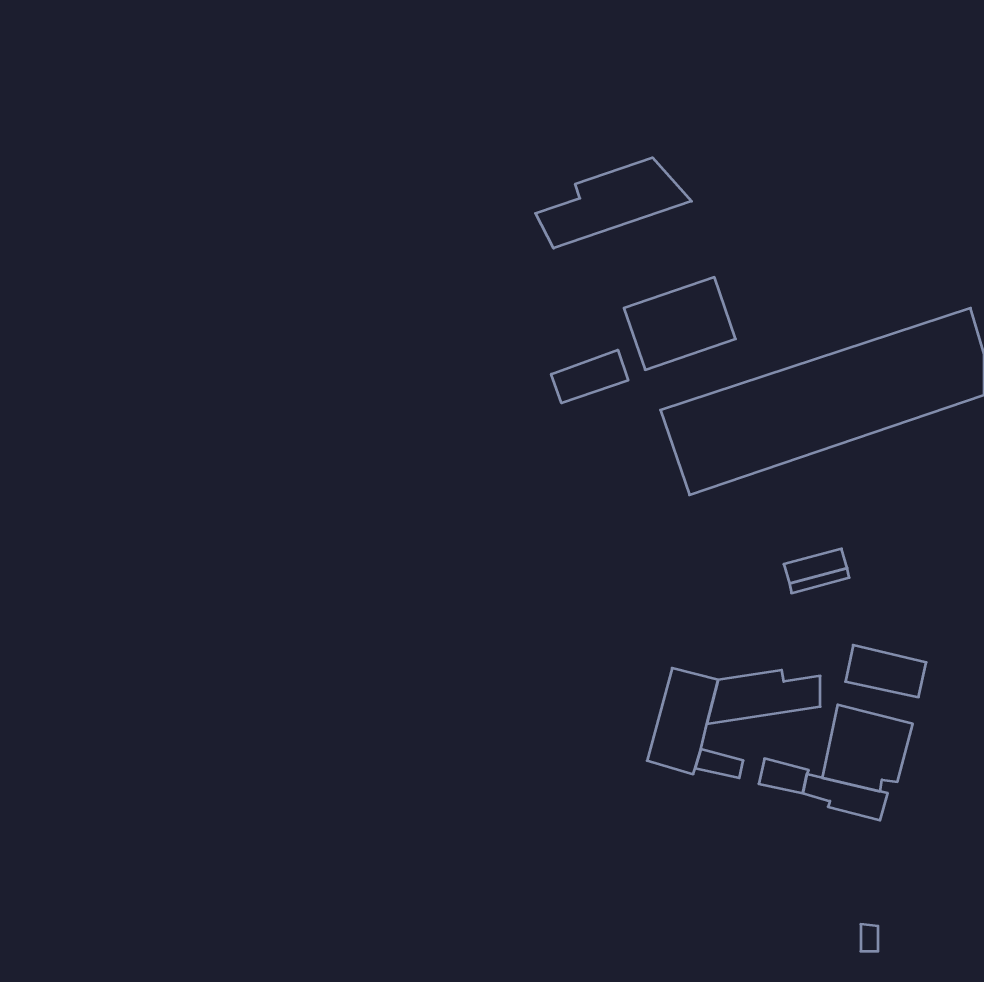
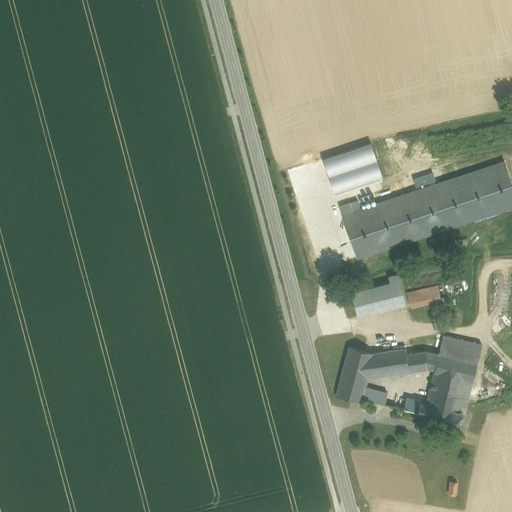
building: [535,158,692,248] -> none
building: [551,350,628,403] -> none
building: none -> [350,275,406,318]
building: none -> [426,352,477,377]

